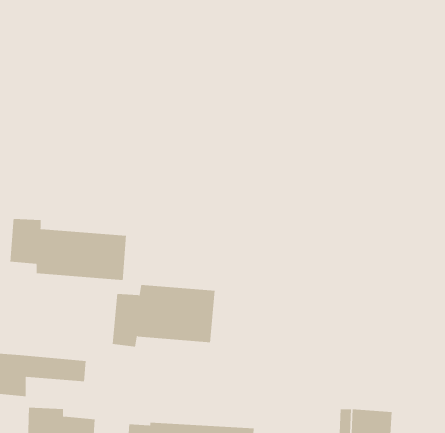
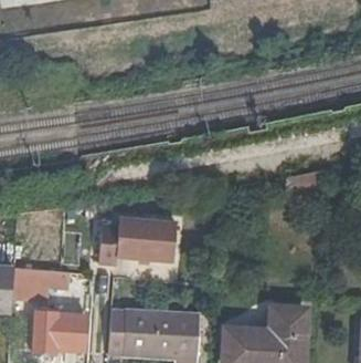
building: [10,218,127,281] -> none

